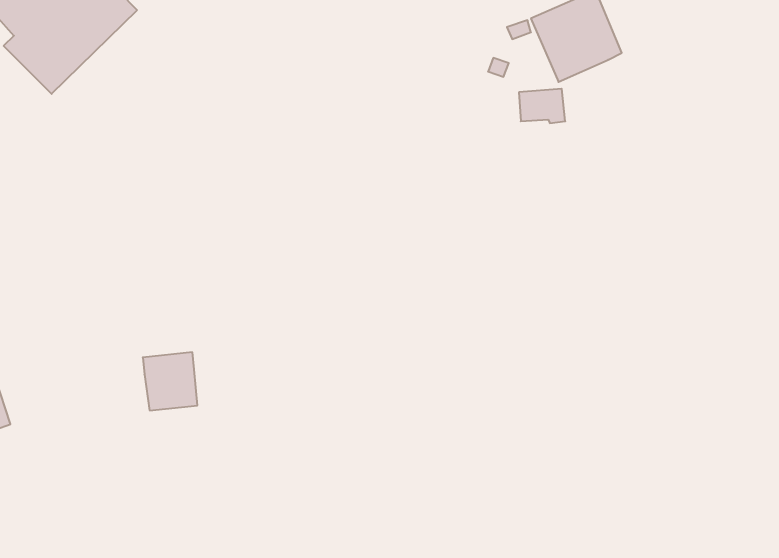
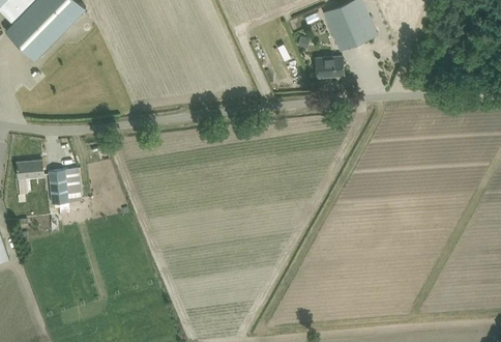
building: none -> [14,161,42,179]
building: [143,352,197,410] -> [47,169,80,204]

